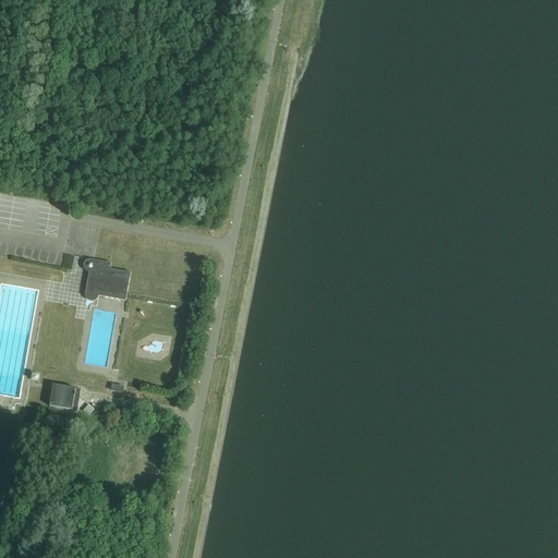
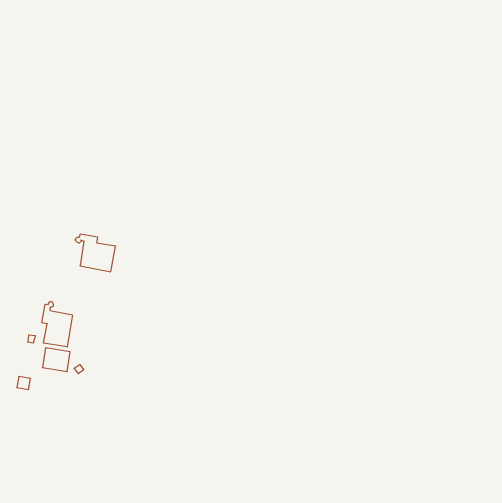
building: none -> [42,301,72,347]

